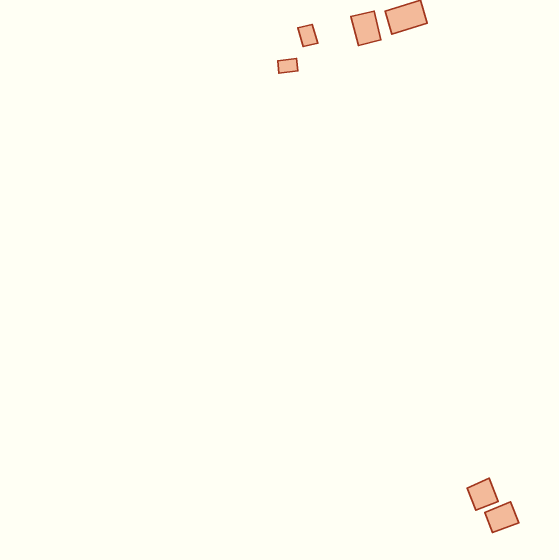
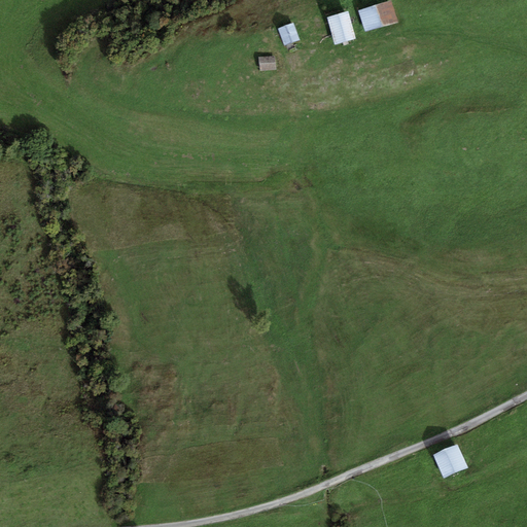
building: [485,502,519,532] -> none

